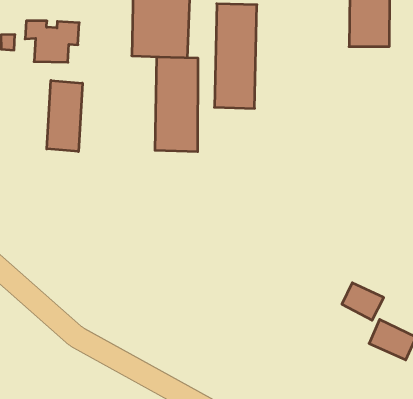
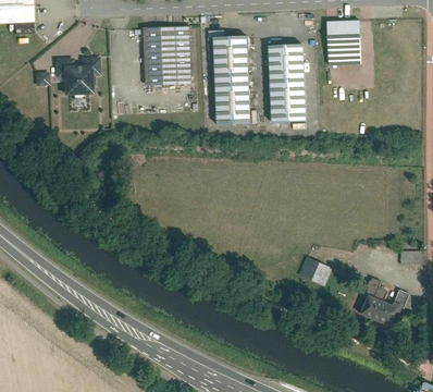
building: [155,57,198,152] -> [267,42,306,122]
building: [47,80,82,152] -> none
building: [342,283,384,320] -> [298,256,333,286]

